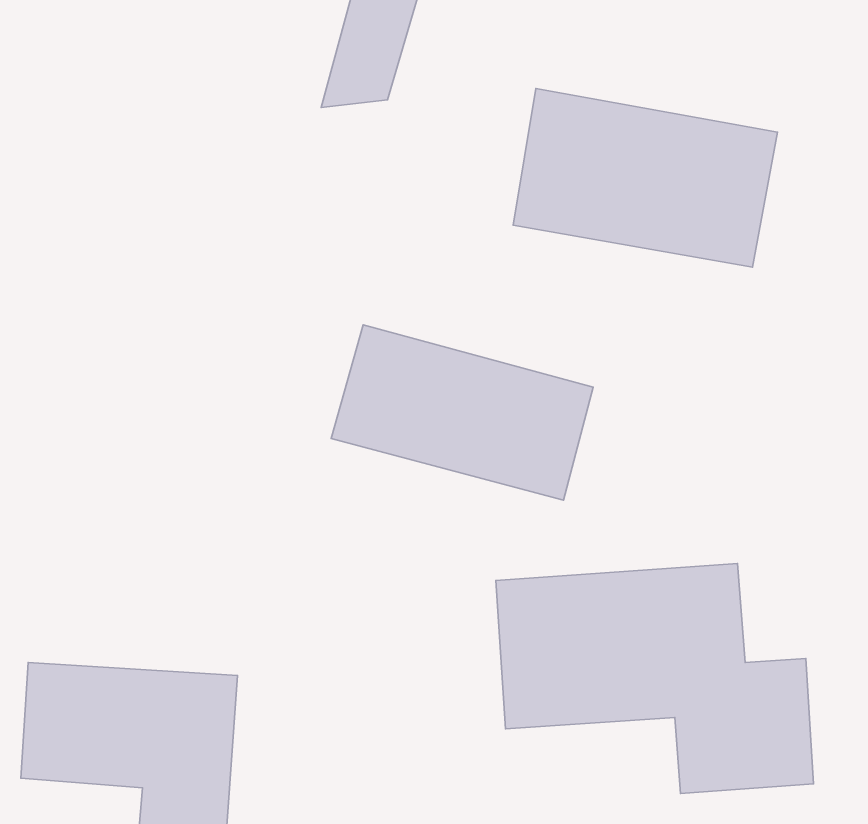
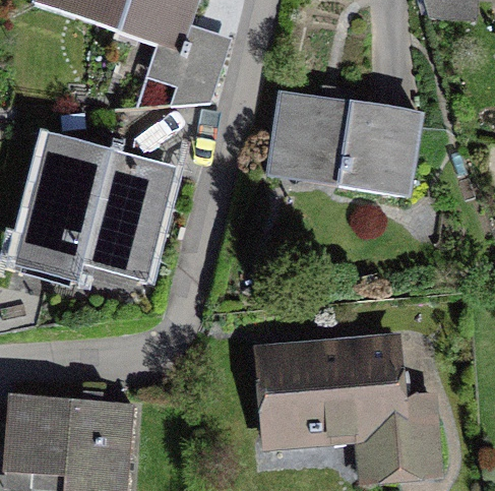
building: none -> [23,142,160,289]
building: [331,325,593,500] -> none

